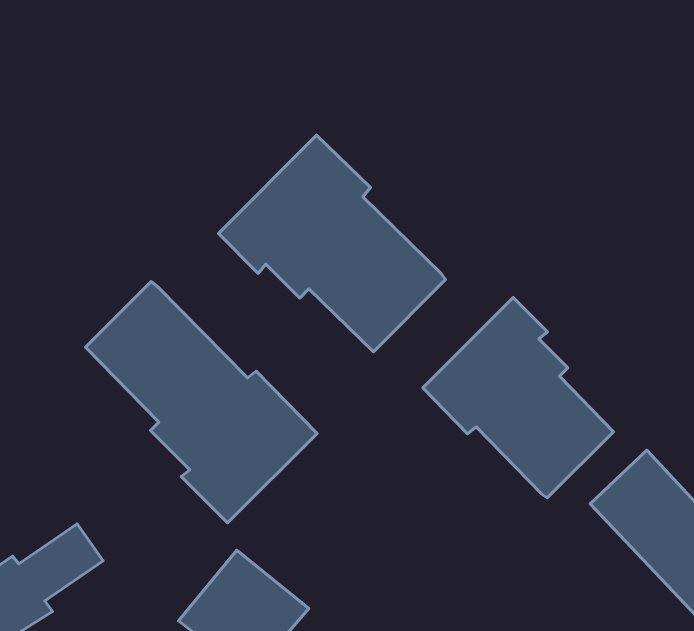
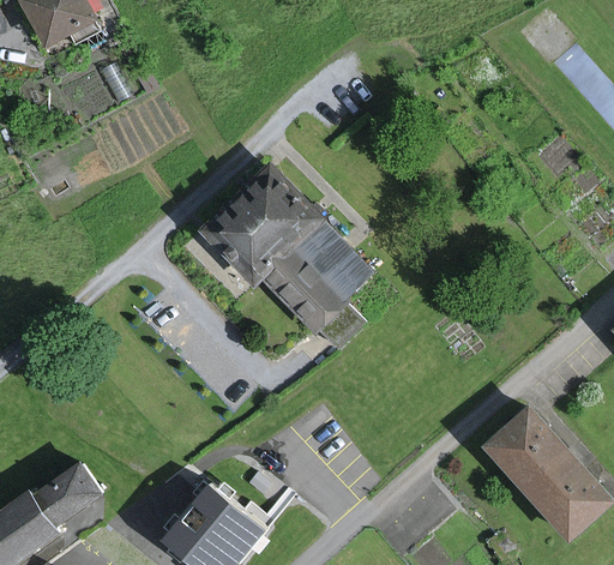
building: [86,282,317,523] -> none
building: [423,297,613,498] -> none

